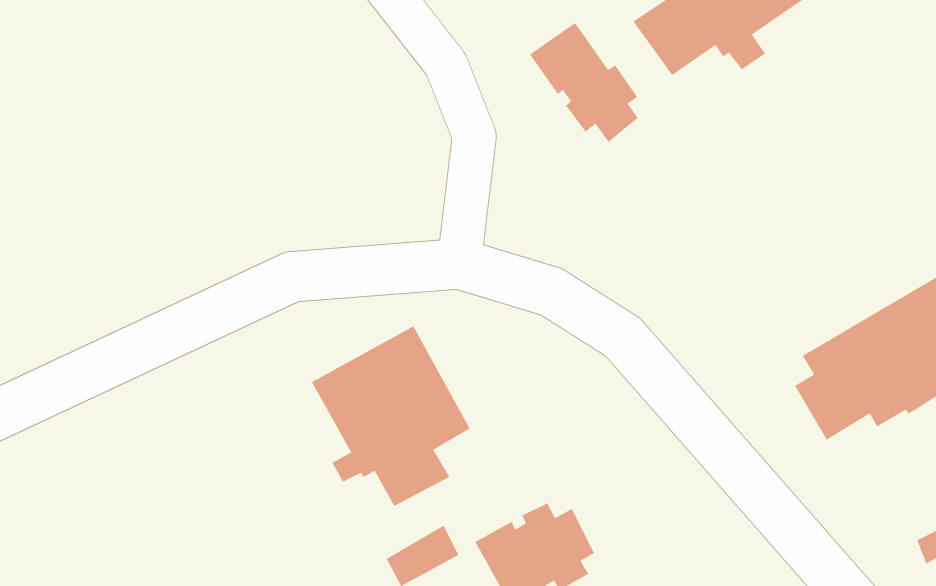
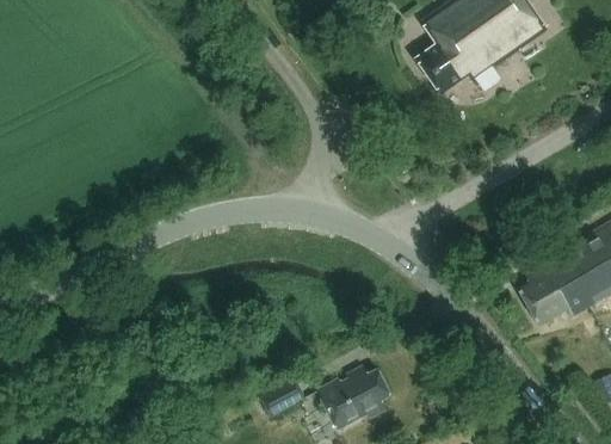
building: [529,22,638,143] -> none
building: [311,326,470,507] -> none

